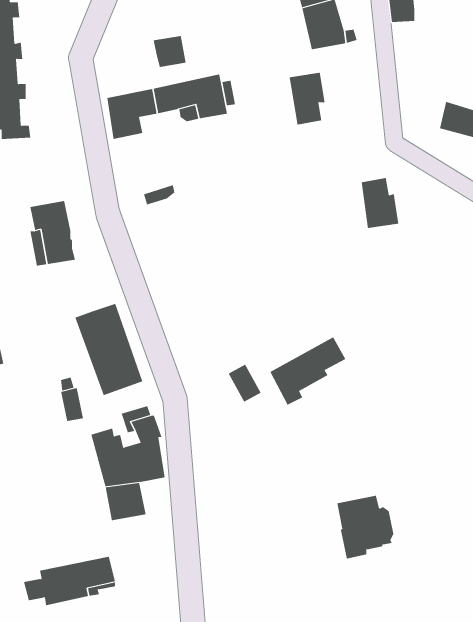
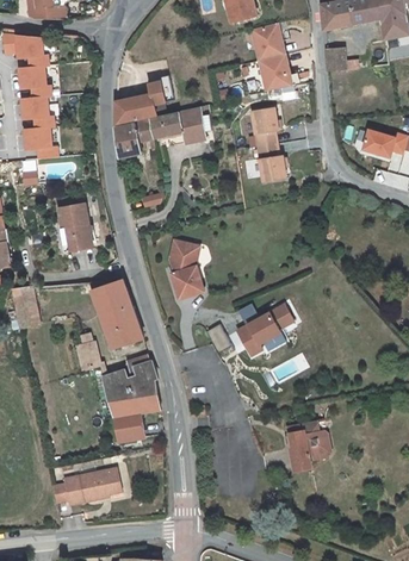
building: none -> [114,94,156,124]
building: [361,177,399,229] -> [256,143,285,181]
building: none -> [171,238,205,297]

